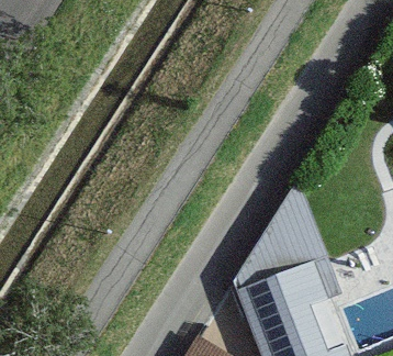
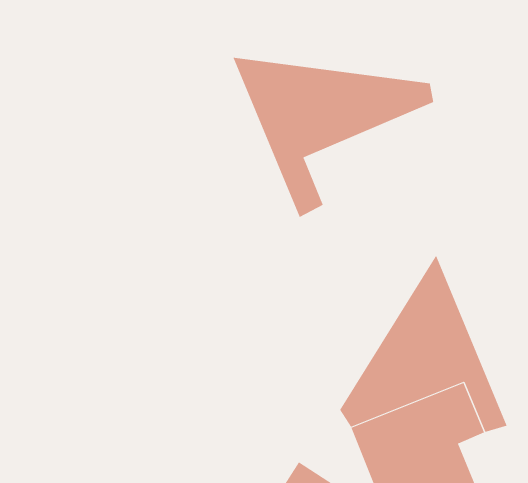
building: none -> [233,57,434,218]

